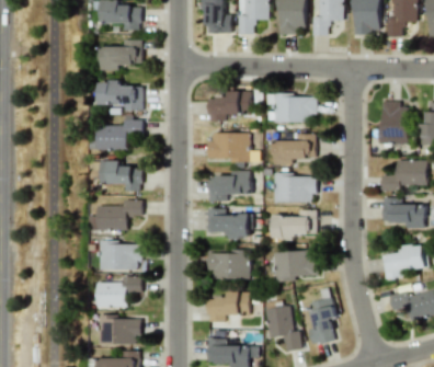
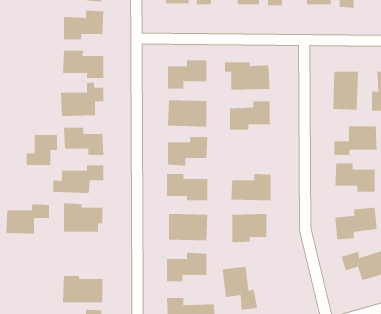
building: none -> [26,134,57,166]
building: [273,174,315,203] -> none
building: [95,276,141,308] -> [6,204,50,234]
building: [308,298,335,345] -> none

